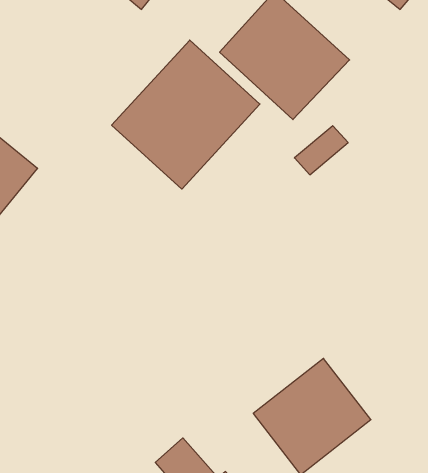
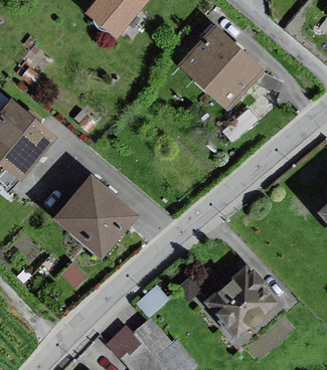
building: [112,40,260,189] -> none
building: none -> [49,174,132,256]

